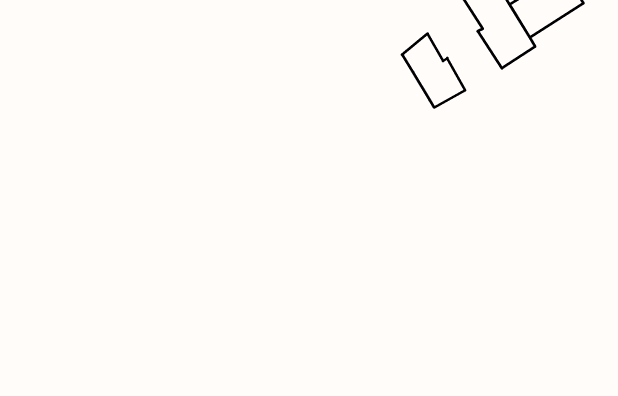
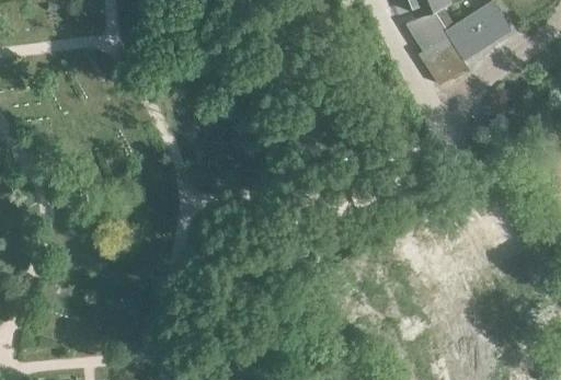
building: [402,34,465,107] -> none

